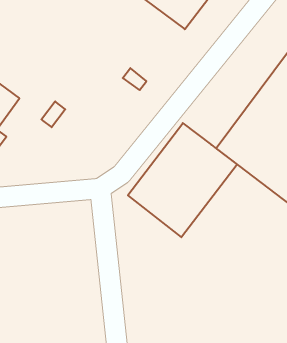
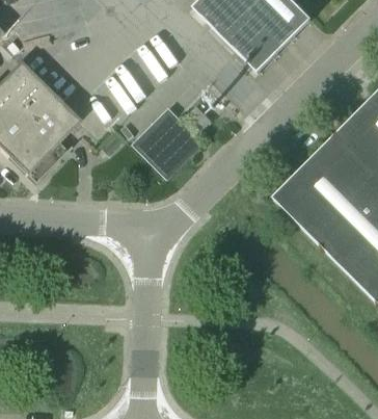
building: none -> [131,105,204,178]
building: [128,123,237,237] -> none

